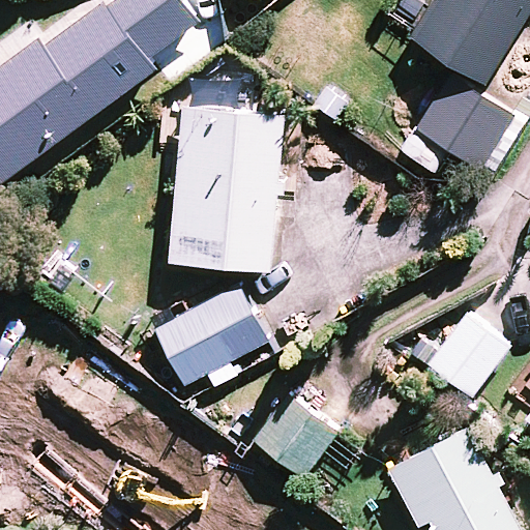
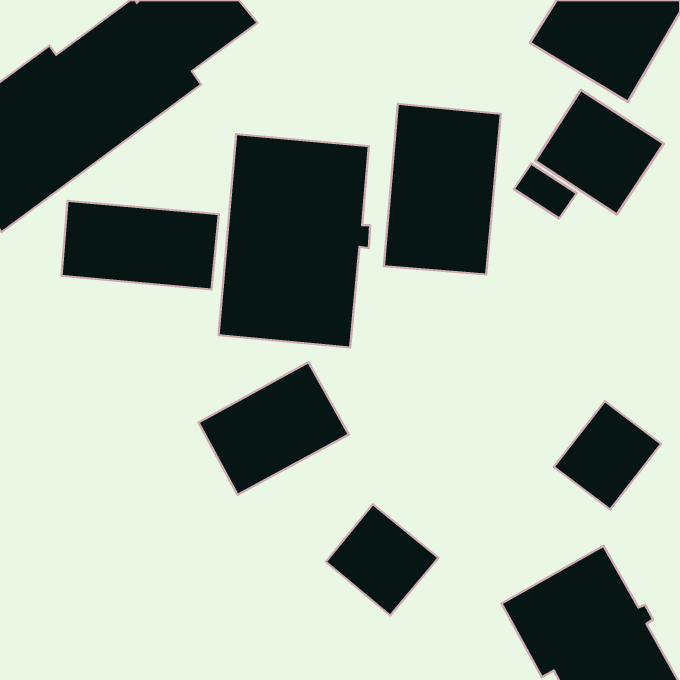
building: none -> [384,104,501,275]
building: none -> [61,201,219,289]

